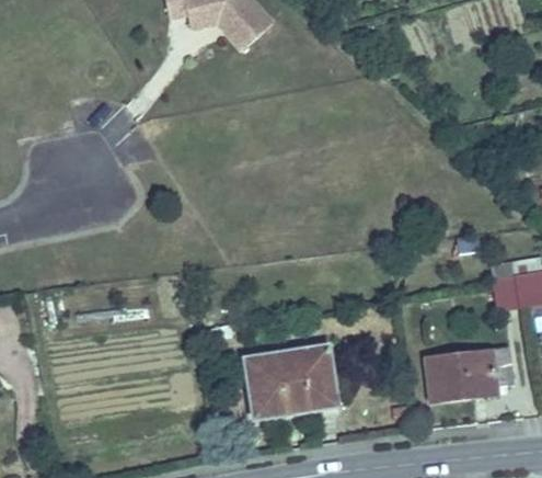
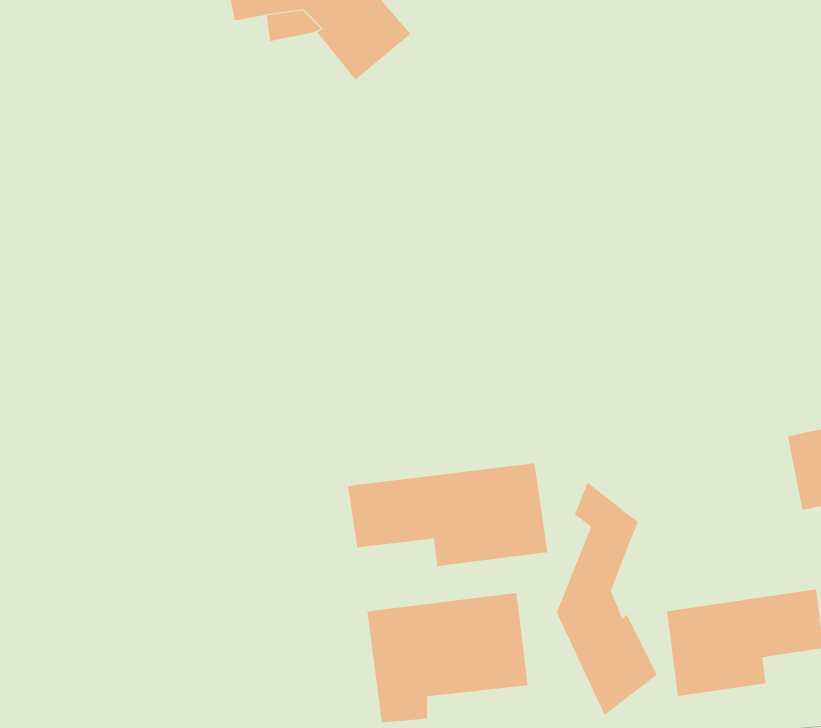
building: none -> [347,462,548,567]
building: none -> [556,481,657,716]

